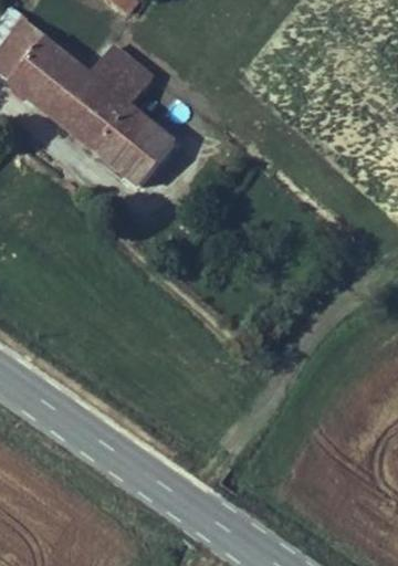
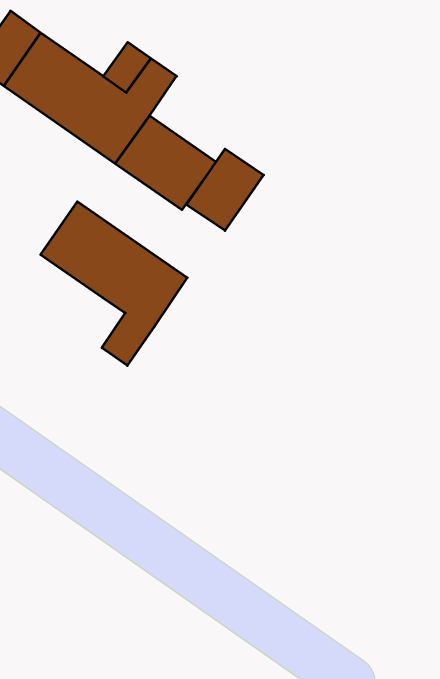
building: none -> [186,149,264,231]
building: none -> [41,202,187,366]

